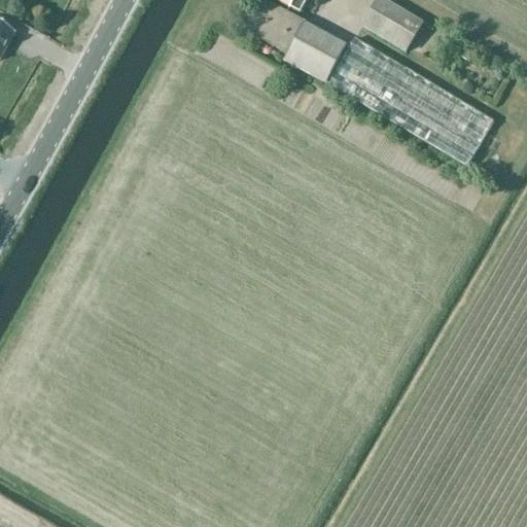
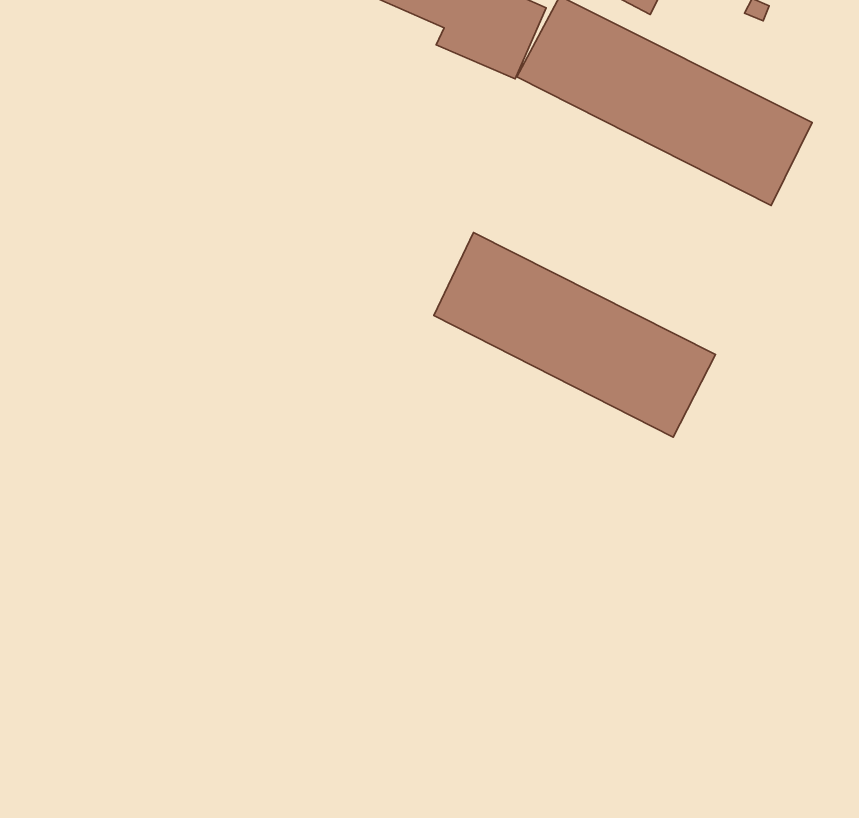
building: none -> [434,233,716,437]

